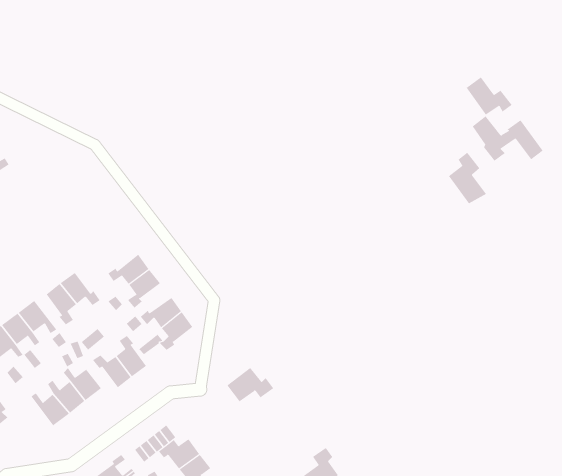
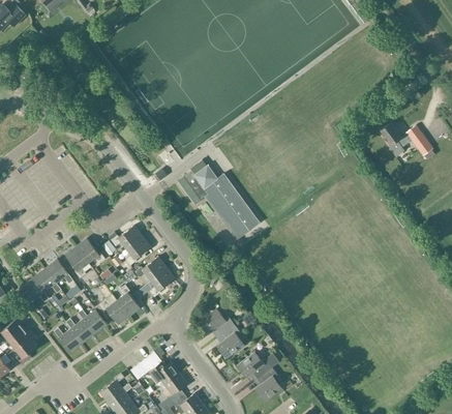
building: [466,77,512,115] -> none
building: [448,152,487,204] -> none
building: none -> [177,165,260,239]
building: none -> [217,324,244,358]
building: none -> [237,352,279,378]

